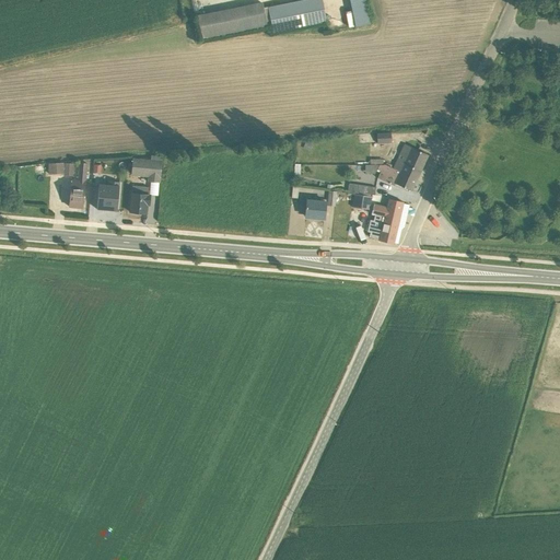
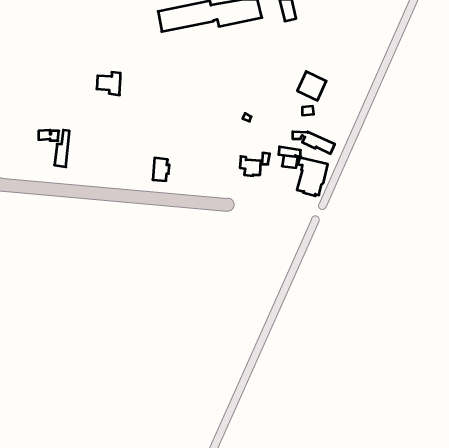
building: [392,143,428,179] -> [297,71,326,100]
building: [131,154,161,183] -> [97,72,120,95]
building: [96,182,119,210] -> none
building: [129,185,150,213] -> [153,158,169,181]

